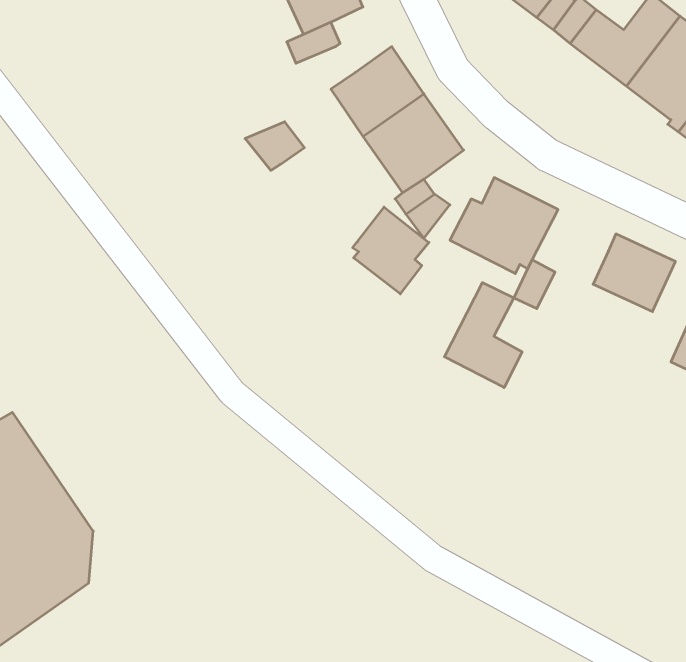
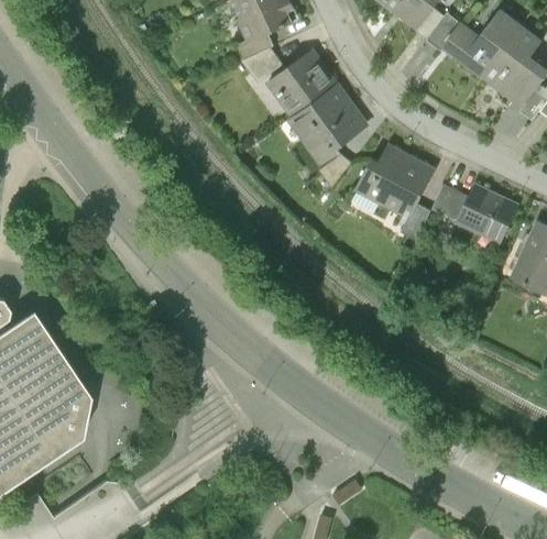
building: [245,122,304,170] -> [241,48,284,84]
building: [353,207,429,294] -> none
building: none -> [430,184,467,220]
building: [444,283,522,388] -> none

